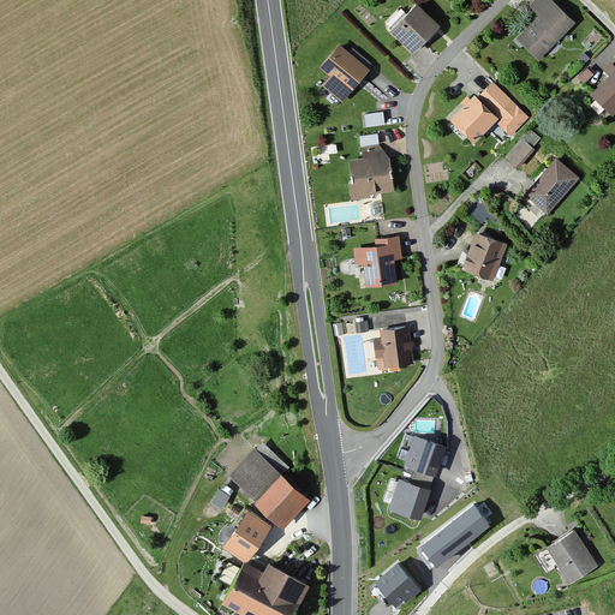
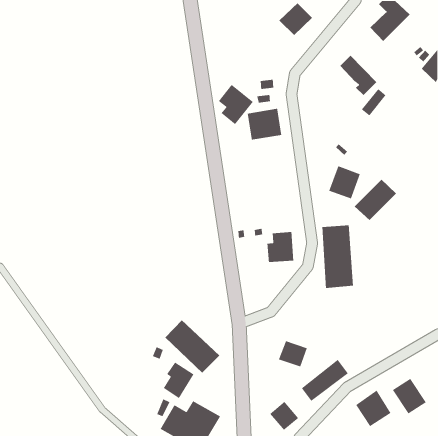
building: [320,46,370,103] -> [218,84,254,125]
building: [449,95,497,143] -> none
building: [519,157,579,216] -> [354,179,397,221]
building: [354,241,395,289] -> none
building: none -> [321,225,354,289]
building: [405,436,446,474] -> none
building: none -> [355,390,392,427]

